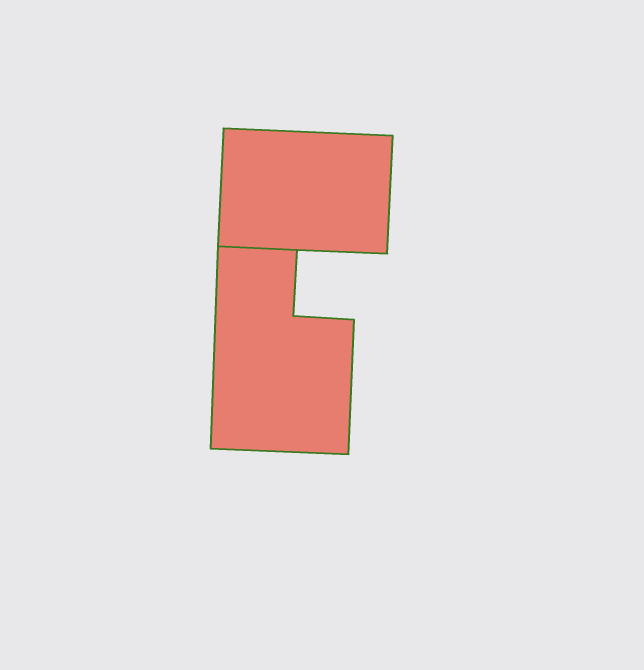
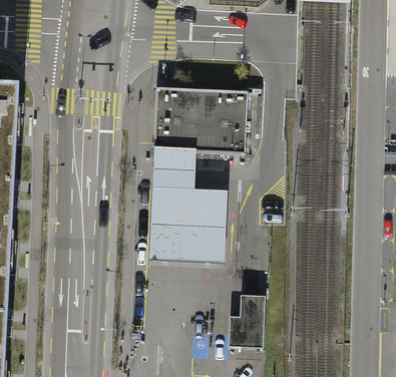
building: none -> [227,287,264,340]

